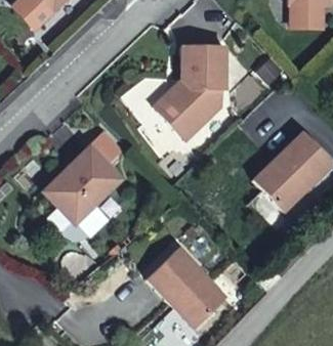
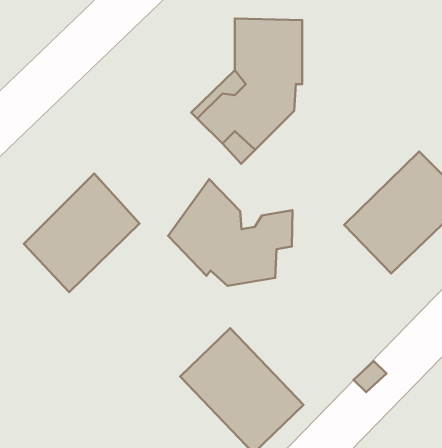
building: none -> [168,179,292,286]

